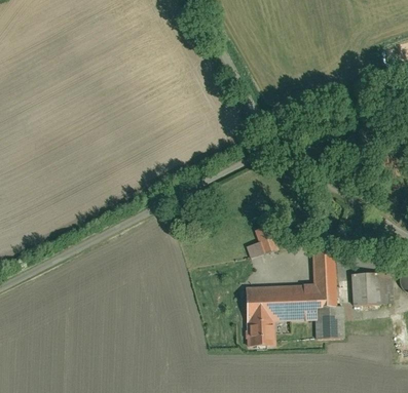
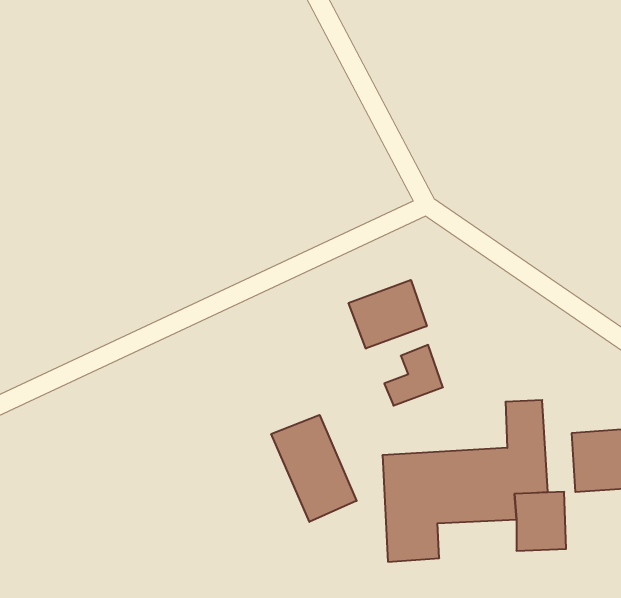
building: none -> [349,280,427,349]
building: none -> [271,415,357,522]

